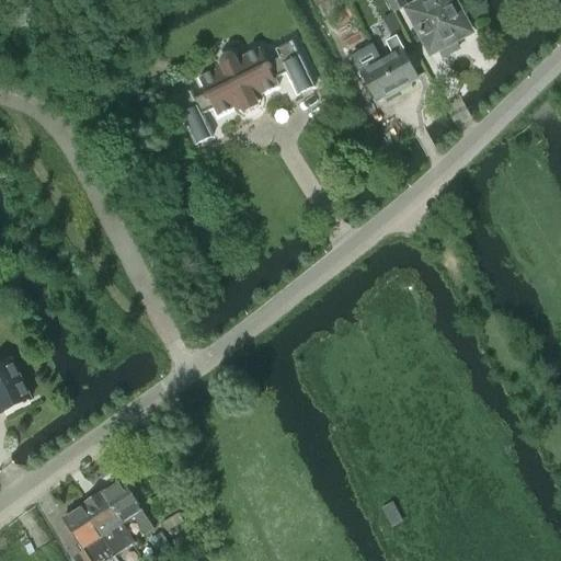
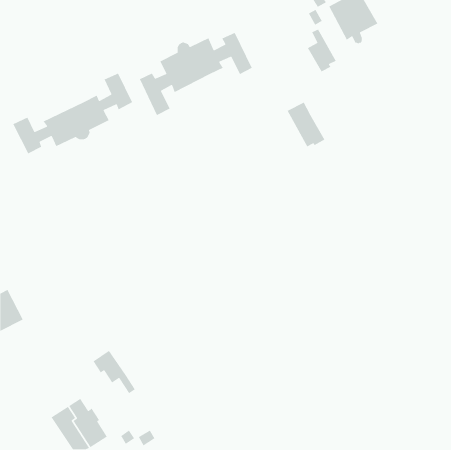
building: [350,43,398,100] -> [287,102,325,148]
building: none -> [12,72,133,155]
building: [100,478,153,533] -> [92,350,136,394]

